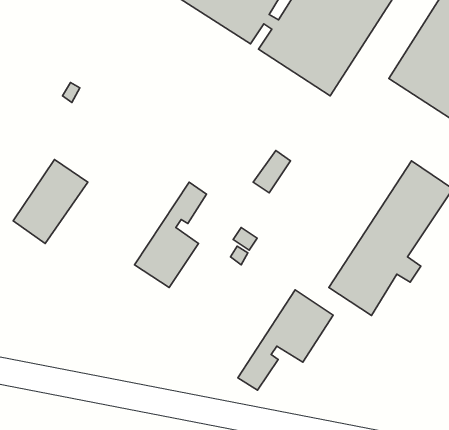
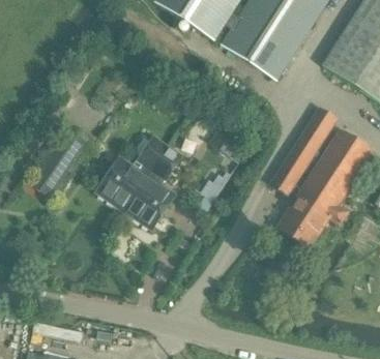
building: none -> [270,104,337,192]
building: none -> [97,136,168,209]
building: [238,290,333,390] -> none

